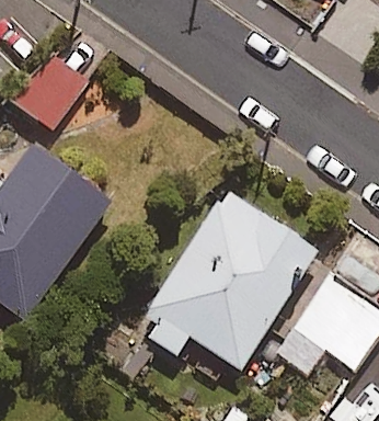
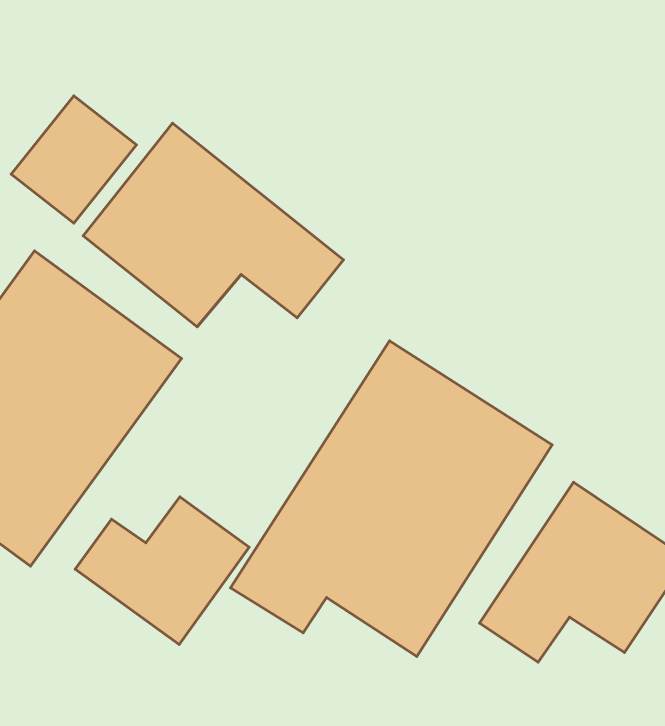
building: none -> [83,123,343,327]
building: none -> [75,497,249,645]

